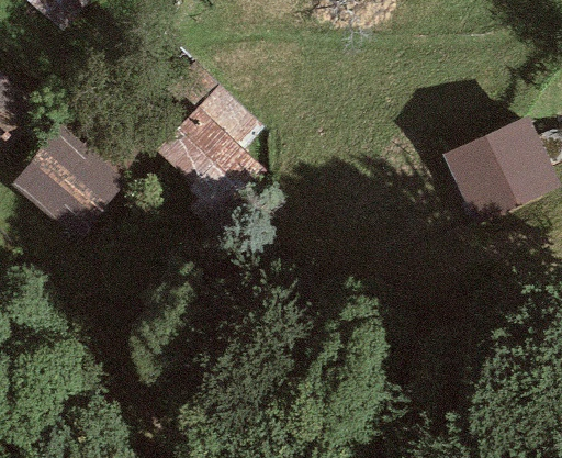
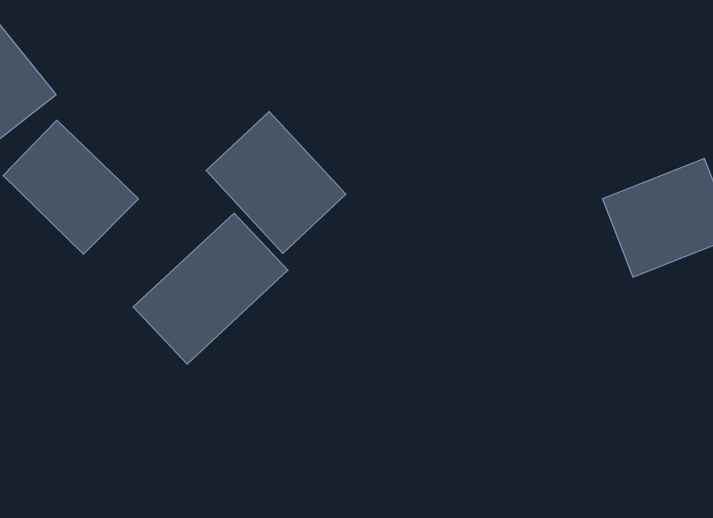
building: none -> [133,213,288,364]

